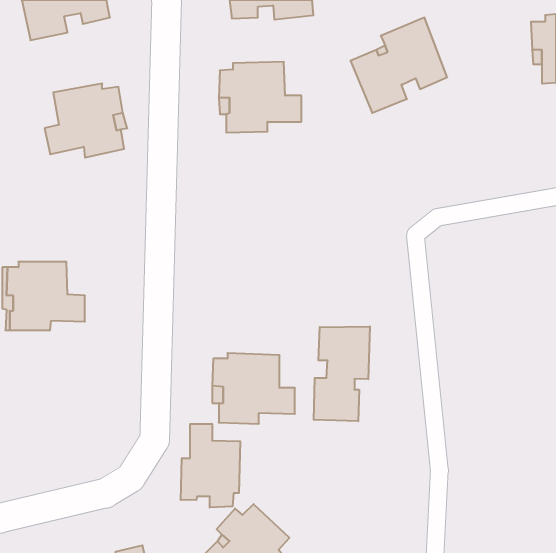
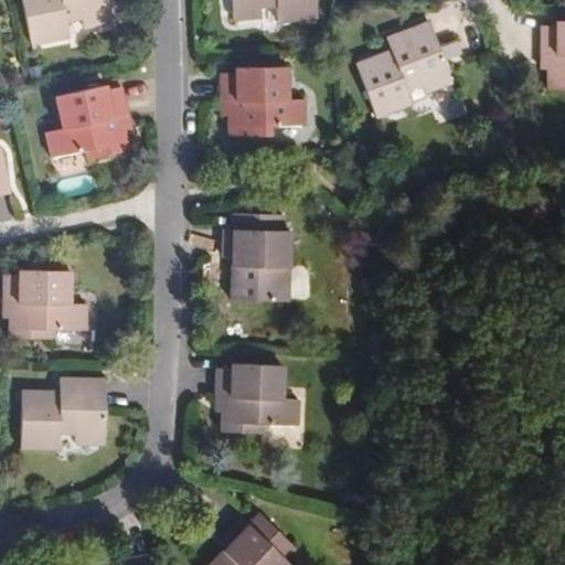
building: none -> [225,213,291,302]
building: [314,326,370,421] -> none
building: none -> [22,376,107,448]
building: [181,424,240,508] -> none

